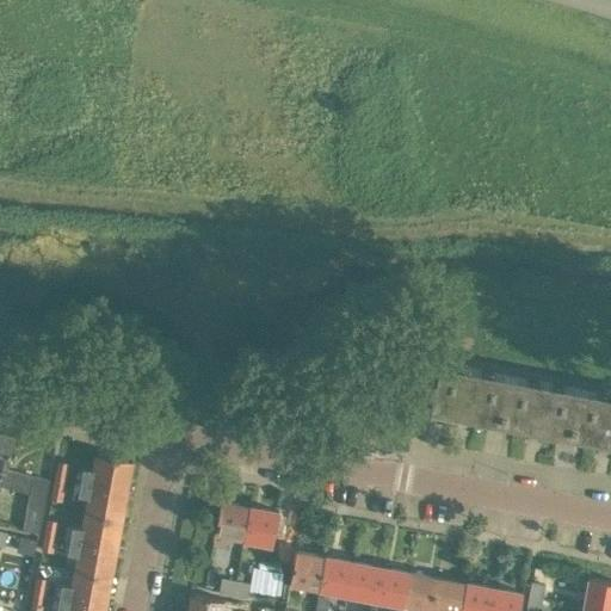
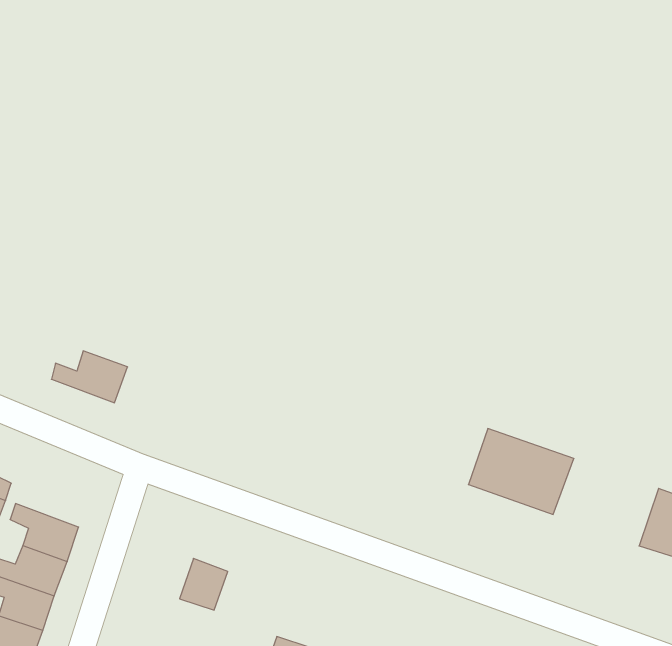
building: [500,379,580,440] -> none
building: [75,457,134,494] -> [51,351,128,403]
building: [245,511,279,549] -> none

